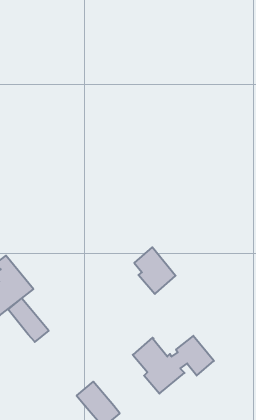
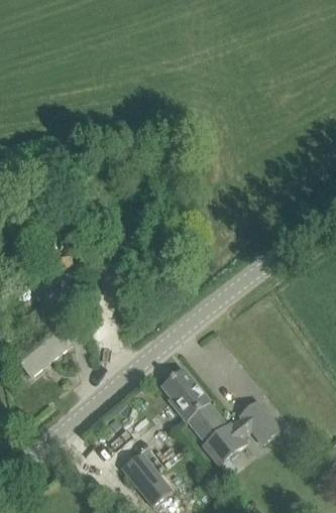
building: [134,247,176,294] -> [161,368,210,422]
building: [8,298,49,342] -> none

